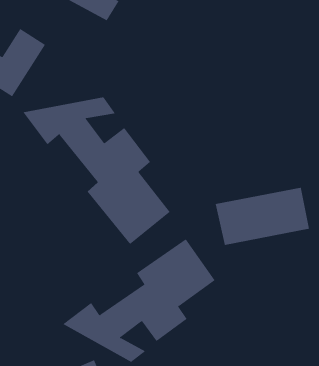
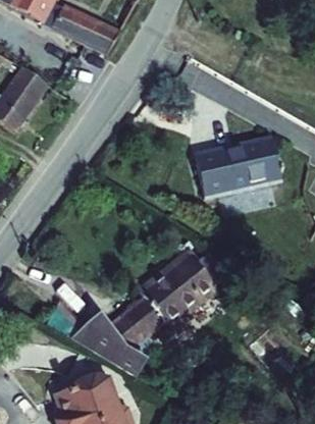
building: [23,97,171,245] -> none
building: [215,187,310,246] -> [180,145,273,202]

